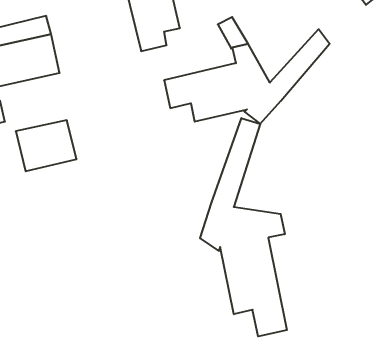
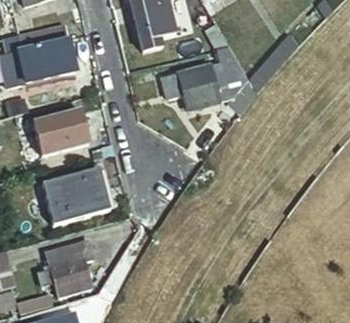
building: [200,118,287,336] -> none
building: none -> [42,169,109,225]
building: none -> [37,240,93,297]

